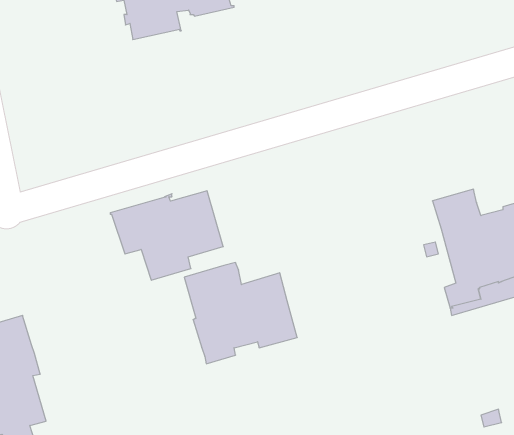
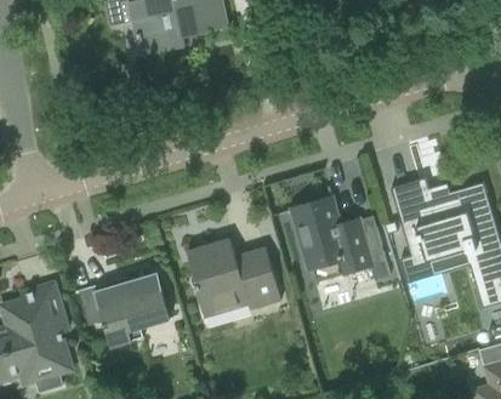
building: [110,191,223,280] -> [76,273,170,347]
building: none -> [279,187,389,284]

